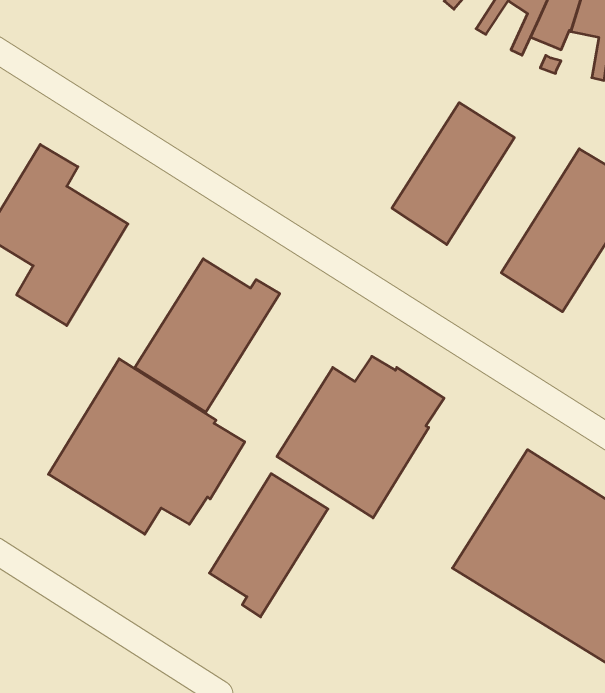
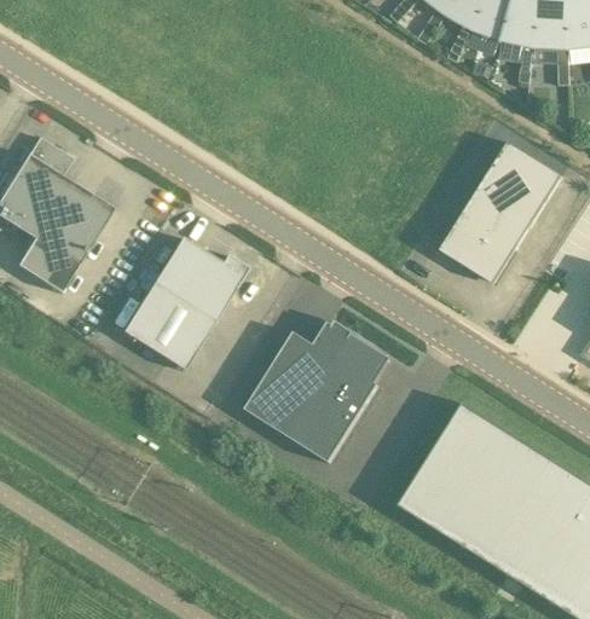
building: [392,103,514,245] -> none
building: [48,359,245,534] -> none
building: [209,474,328,617] -> none

